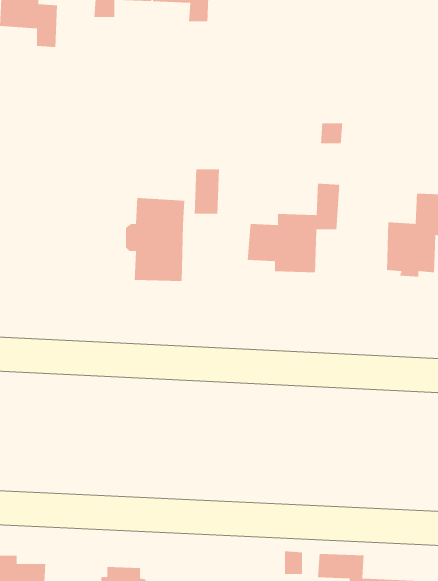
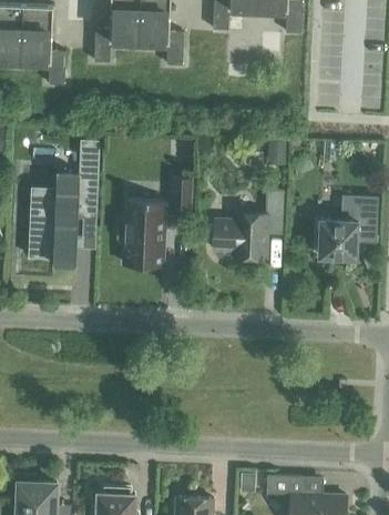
building: none -> [29,140,99,262]

